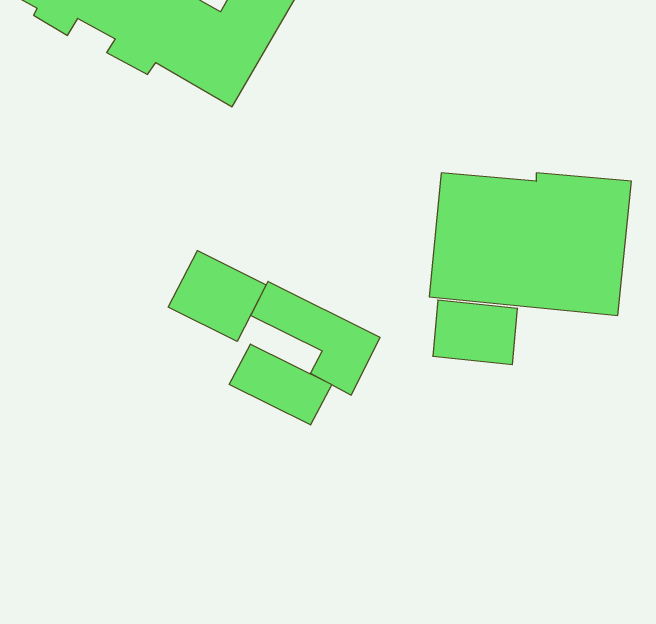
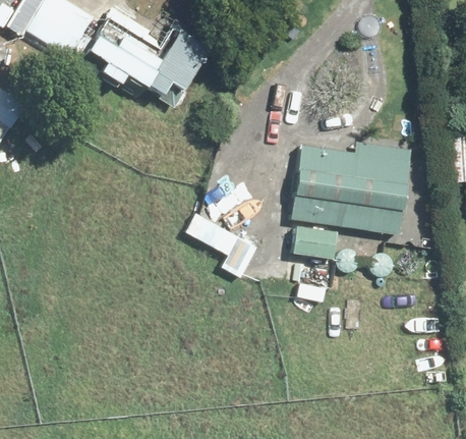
building: [168,251,266,341] -> none
building: [229,344,332,425] -> none

